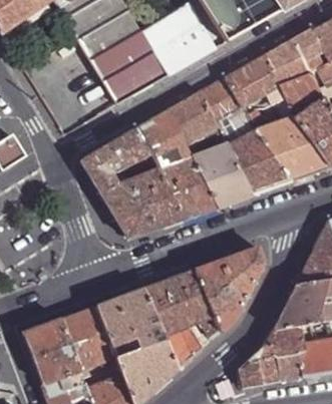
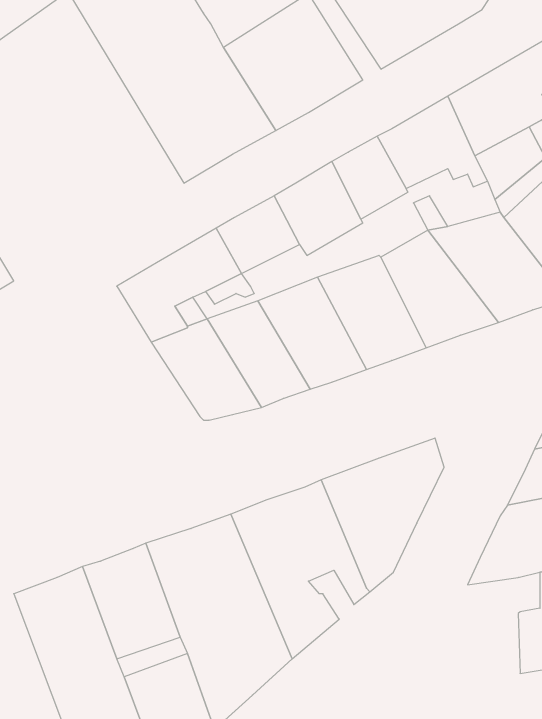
building: [239,324,303,387] -> none

